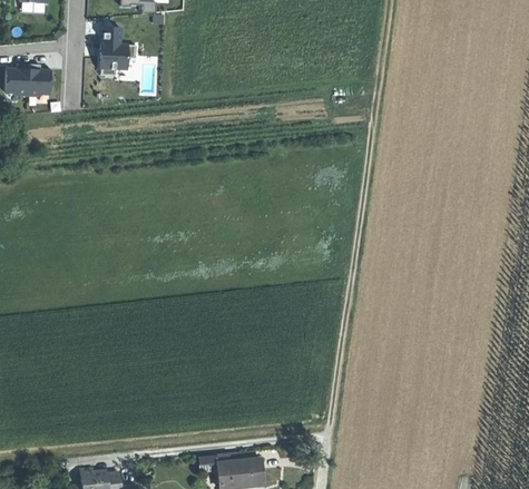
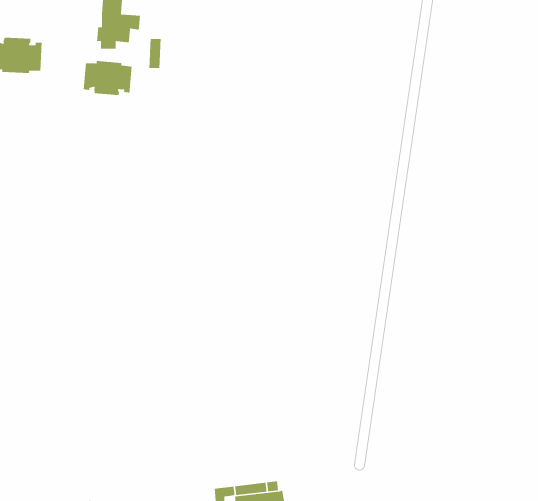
building: none -> [83,60,133,96]

